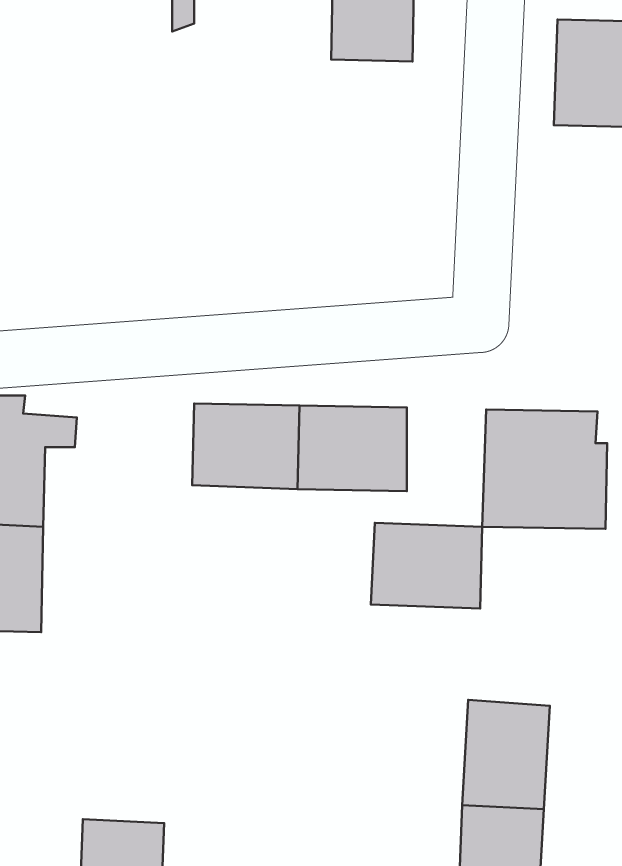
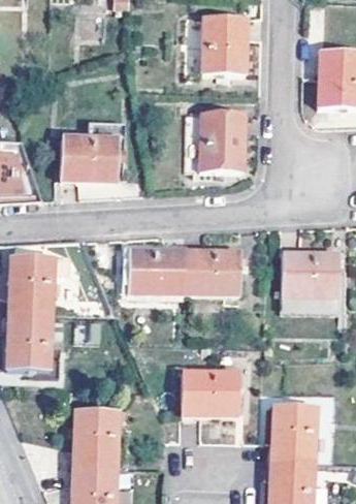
building: none -> [186,112,244,169]
building: none -> [59,137,116,181]
building: [371,523,482,608] -> [182,371,239,415]
building: none -> [73,409,118,467]

